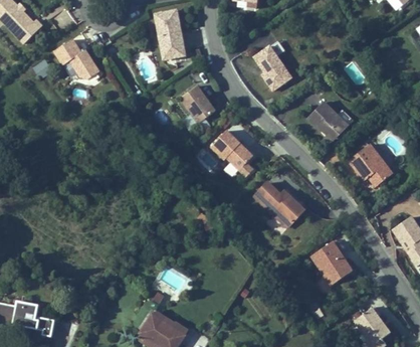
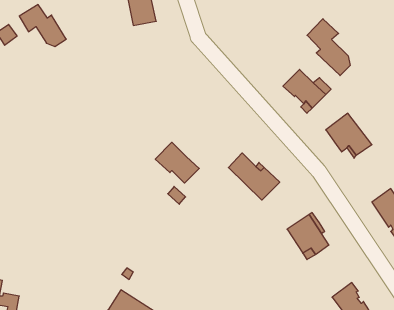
building: [254,45,291,90] -> none
building: none -> [307,19,350,76]
building: [180,84,215,122] -> none
building: [211,130,253,169] -> [155,142,199,183]

